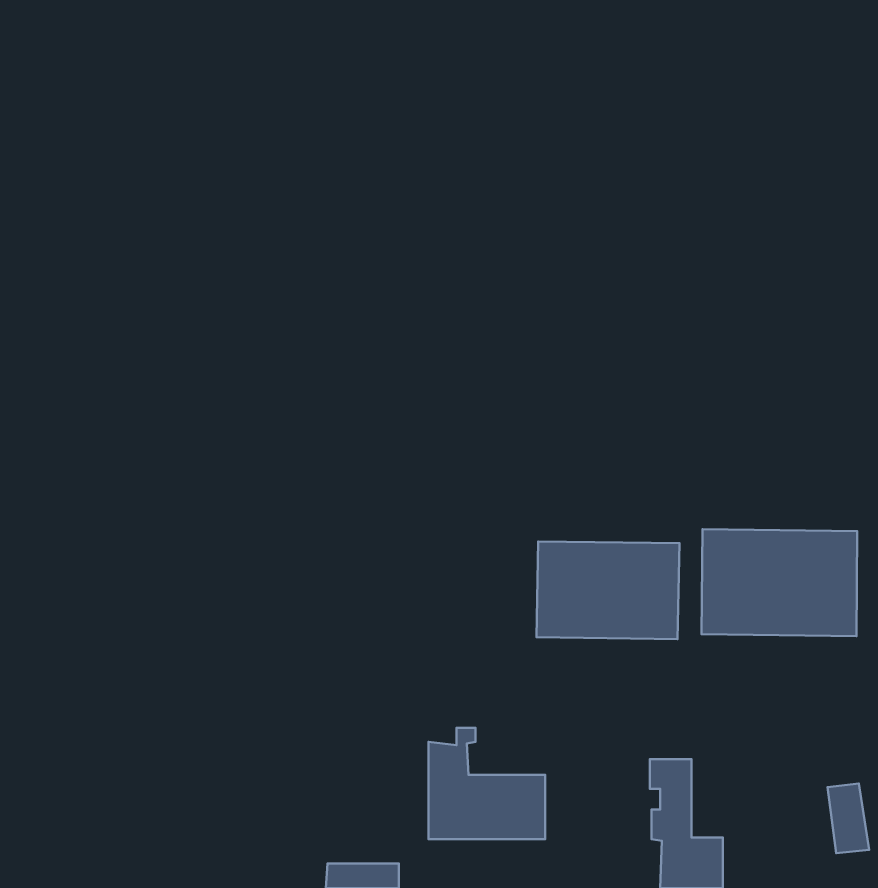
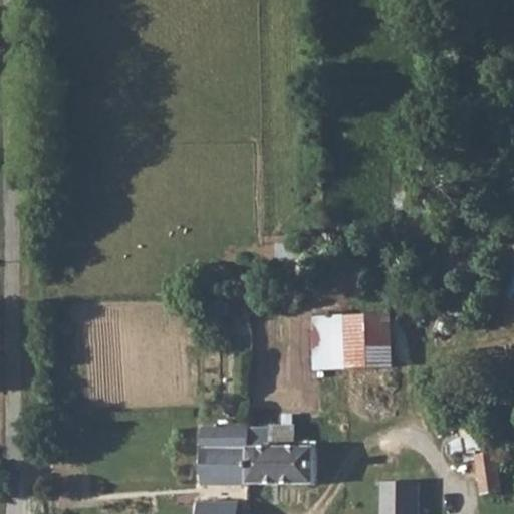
building: [702,529,857,636] -> none
building: none -> [200,428,247,485]

